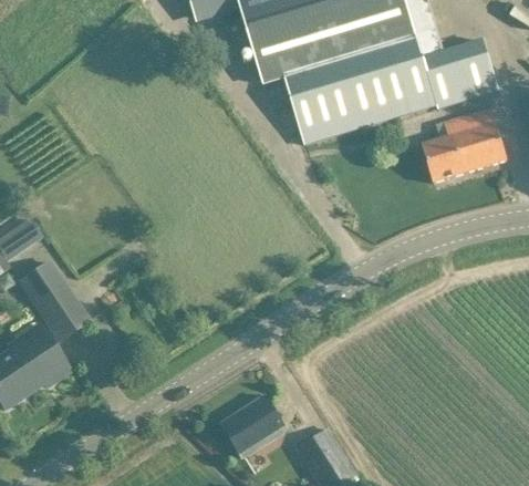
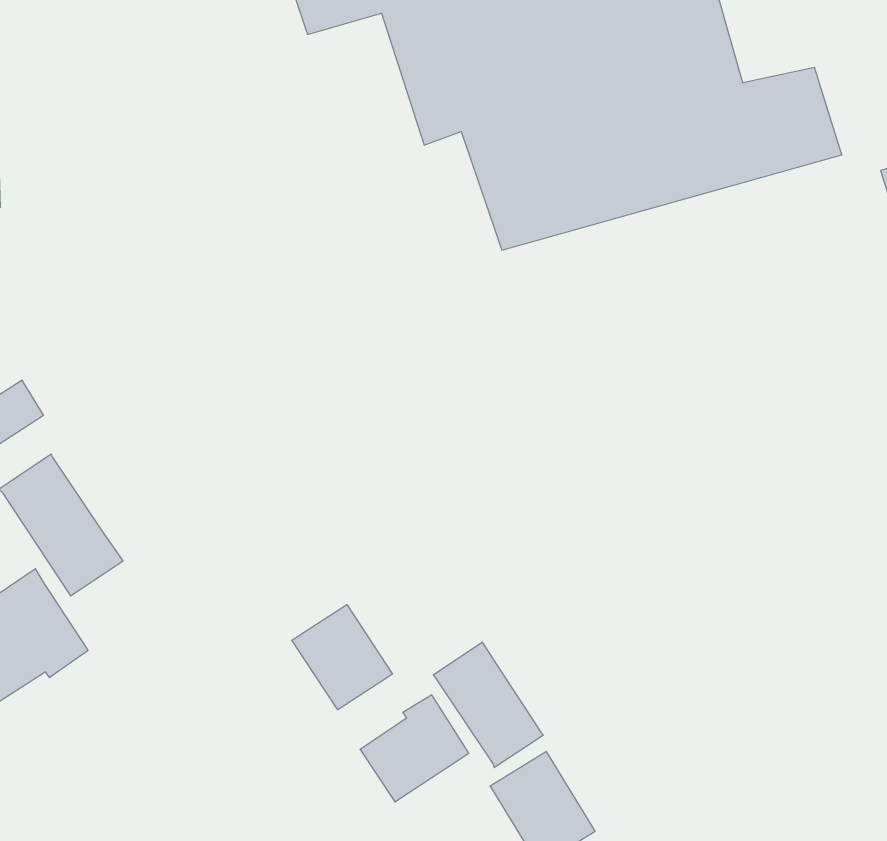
building: [422,108,507,182] -> none
building: none -> [292,605,393,710]
building: none -> [433,642,543,768]

